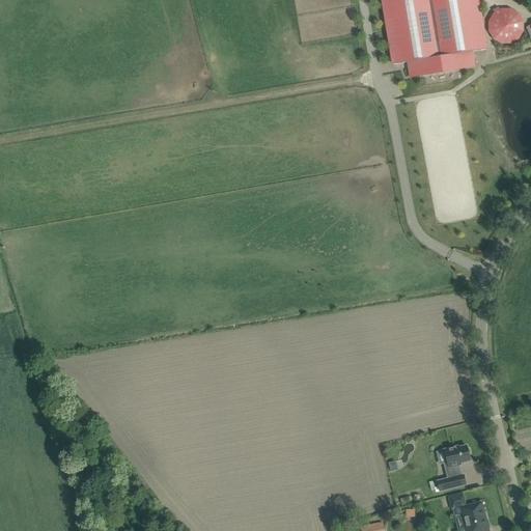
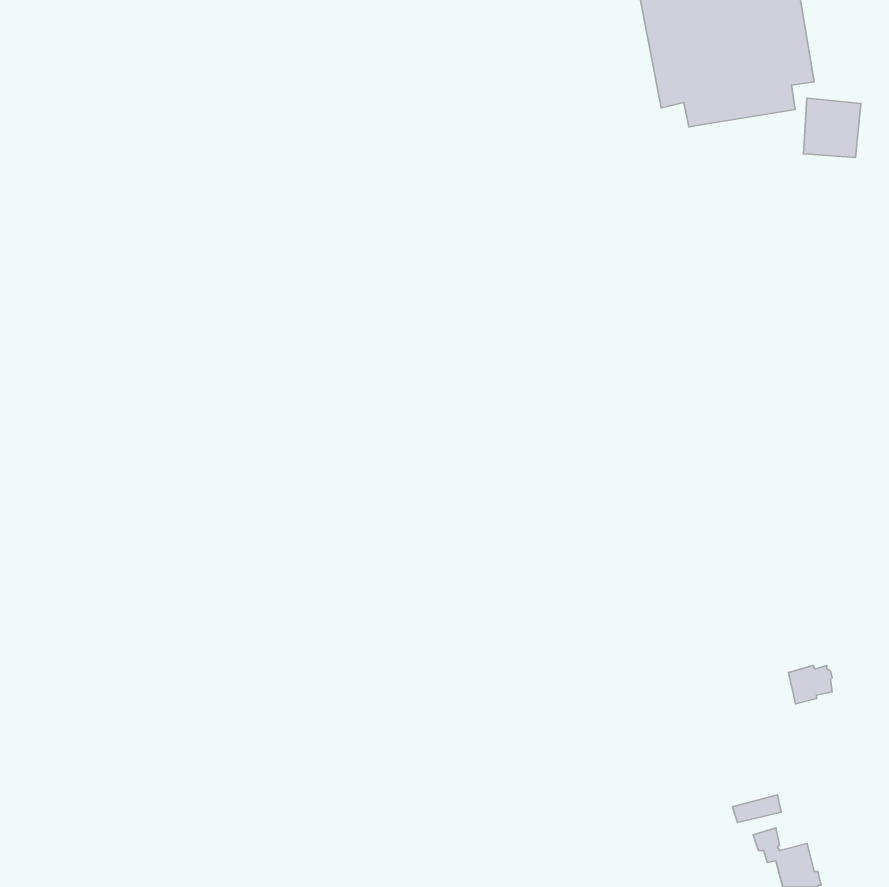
building: [488,7,523,43] -> [803,98,861,157]
building: [444,445,470,468] -> [789,666,832,704]

